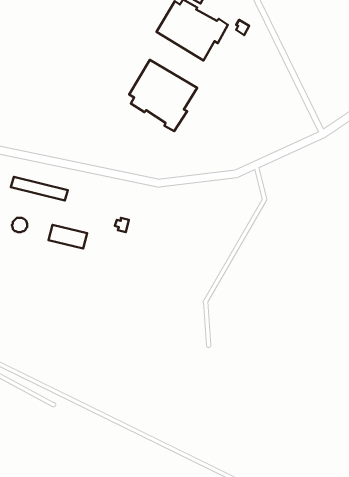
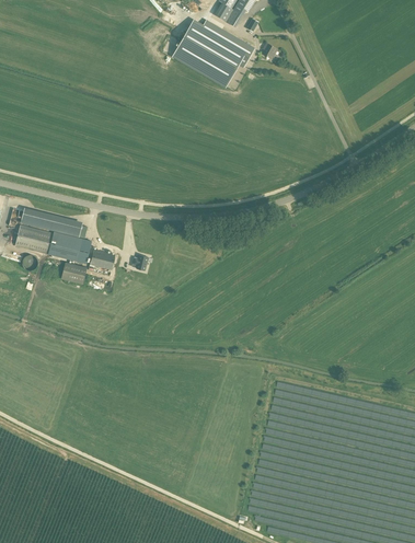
building: [129,60,197,131] -> none
building: none -> [13,224,114,269]

